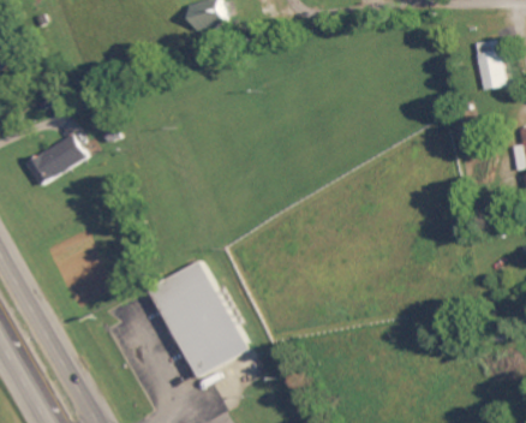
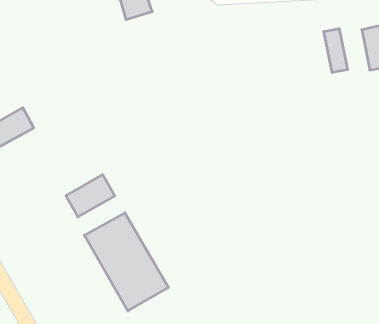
building: none -> [324,29,348,73]
building: none -> [66,175,115,217]

